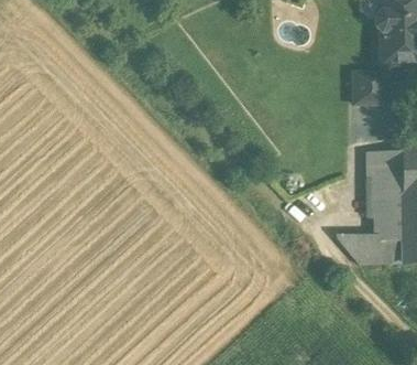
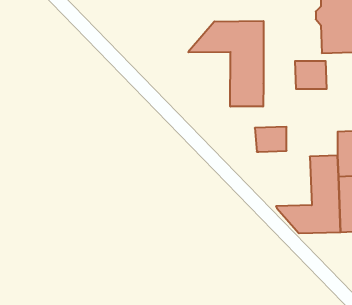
building: none -> [188,21,263,107]
building: [365,151,400,179] -> [255,127,287,152]

